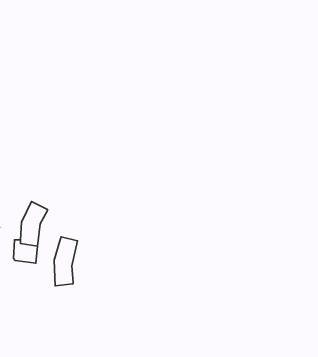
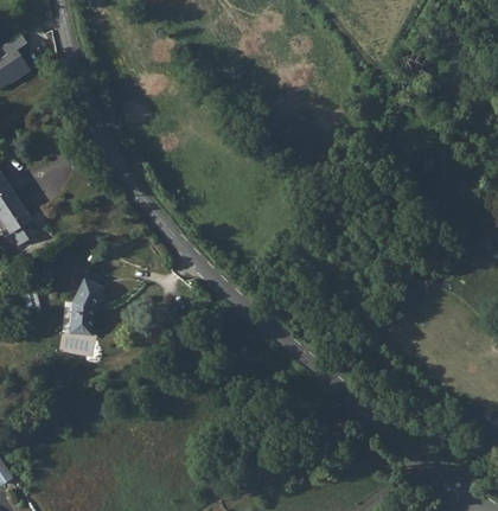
building: [54,237,78,286] -> none

